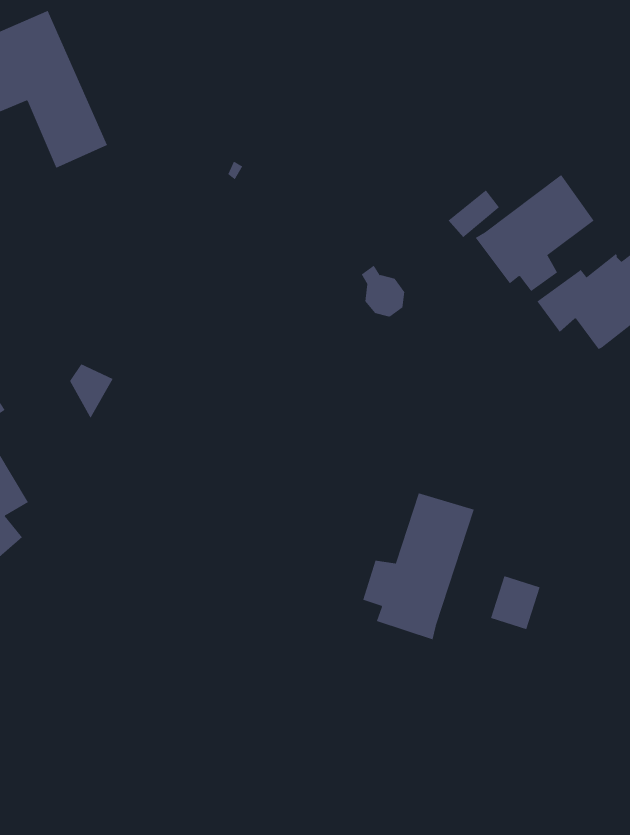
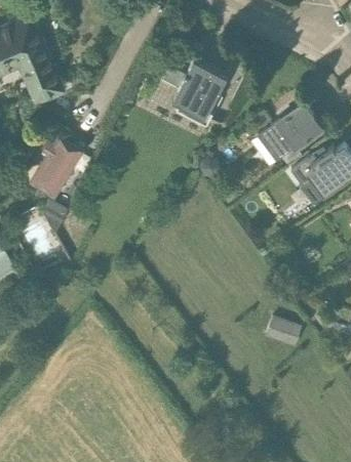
building: none -> [160,59,227,119]
building: none -> [31,137,83,198]
building: [363,493,475,640] -> none

